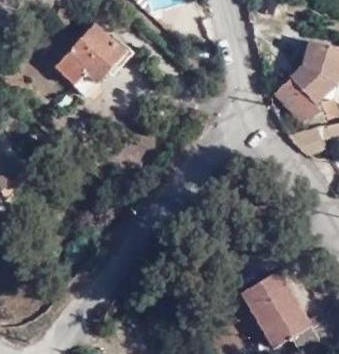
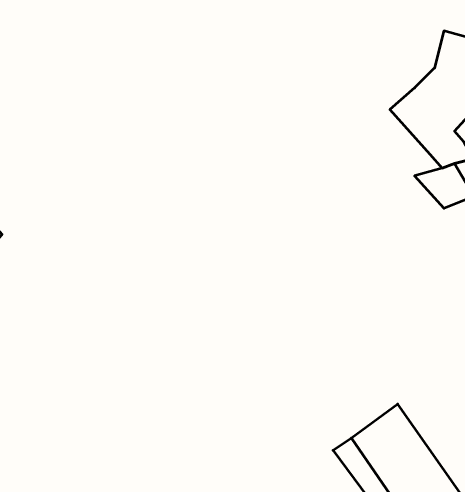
building: [47,25,122,99] -> none

